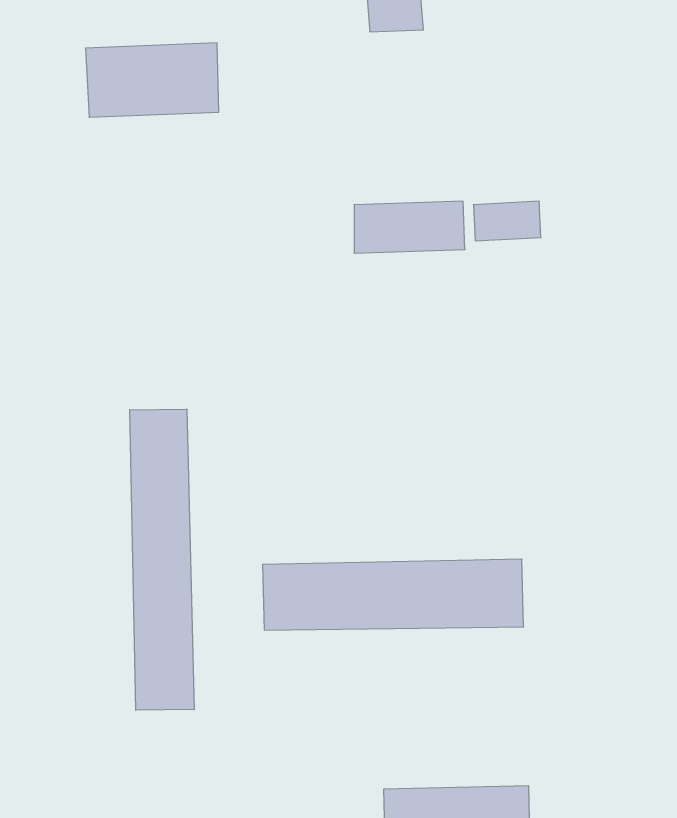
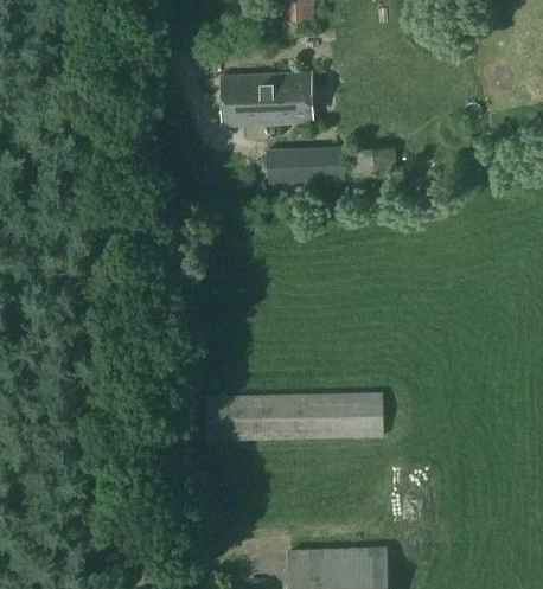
building: [86,43,219,117] -> [219,75,311,126]
building: [130,409,194,710] -> none

